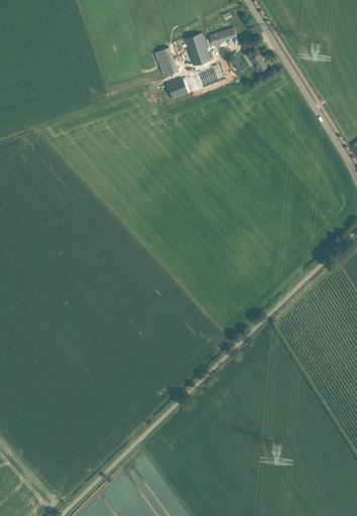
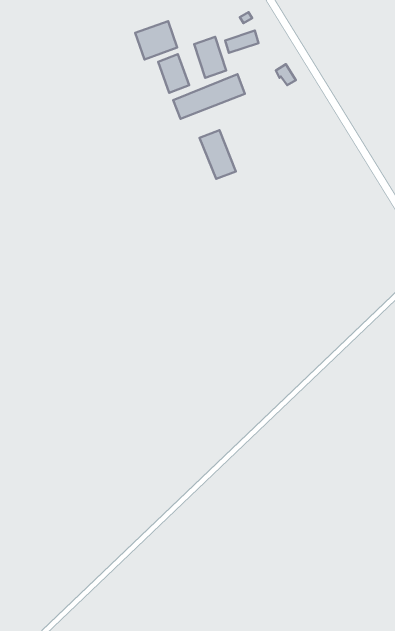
building: none -> [135,21,177,59]
building: none -> [200,130,236,179]

